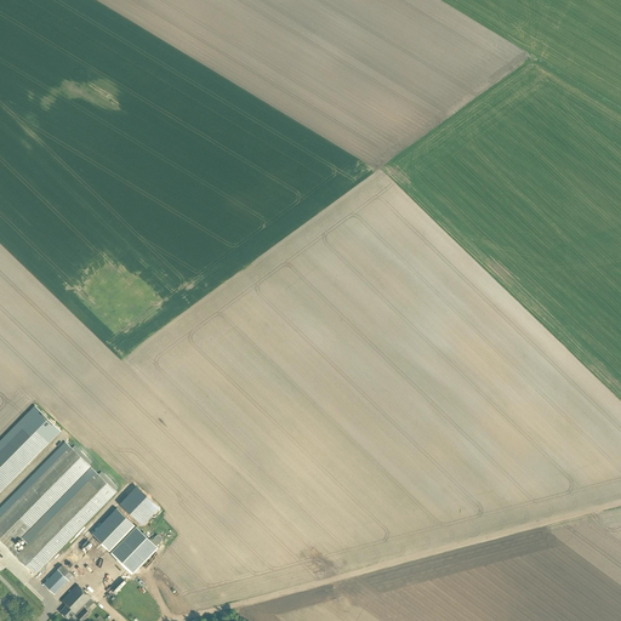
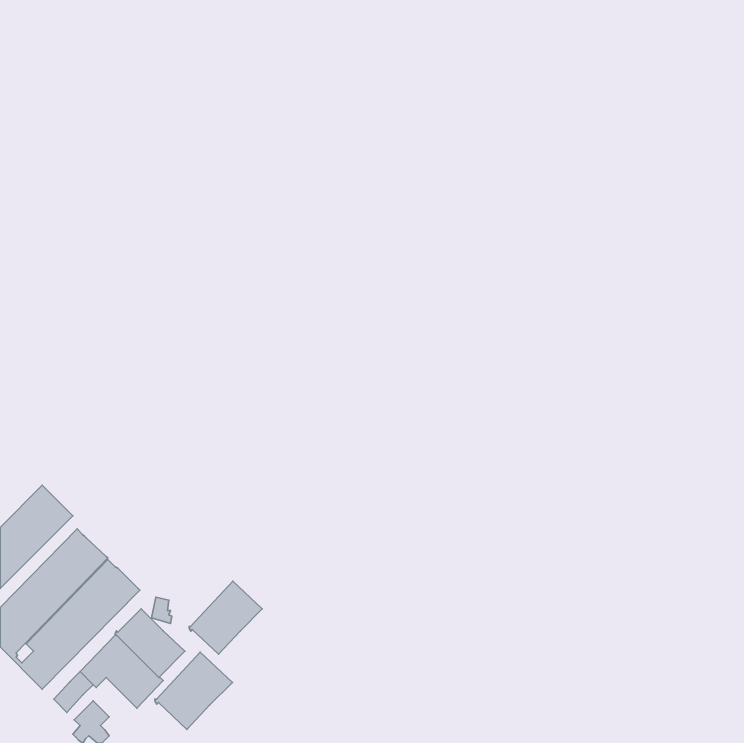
building: none -> [189,581,262,654]
building: none -> [155,652,232,729]

